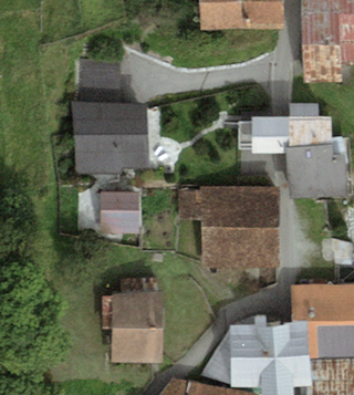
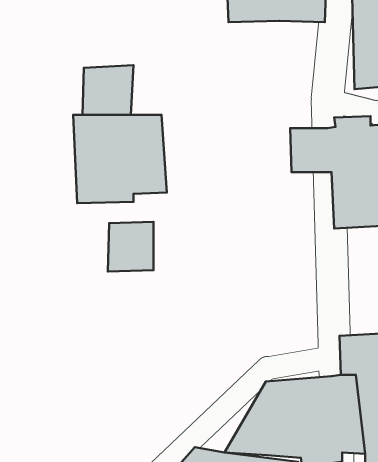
building: [177,186,279,268] -> none
building: [101,288,163,362] -> none

